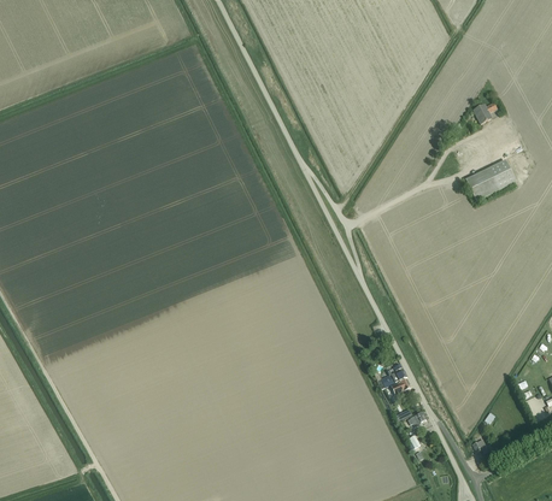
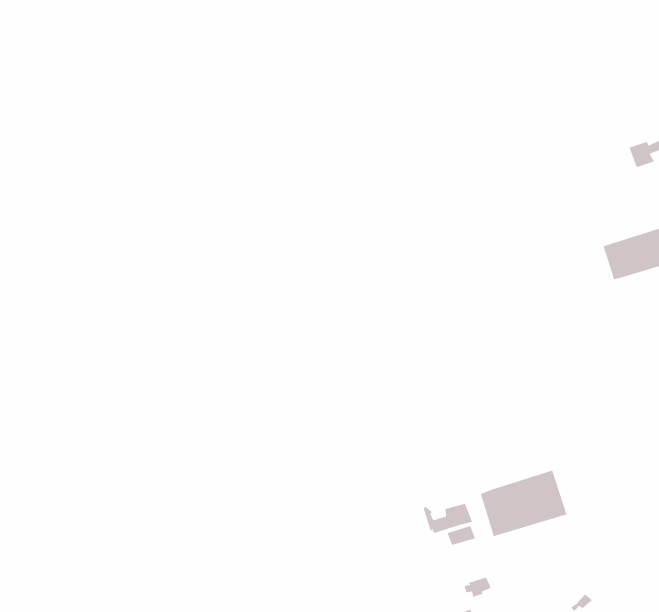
building: none -> [480,469,568,537]

